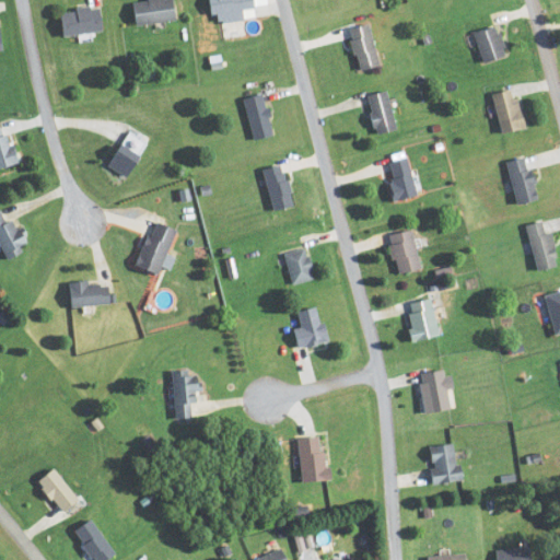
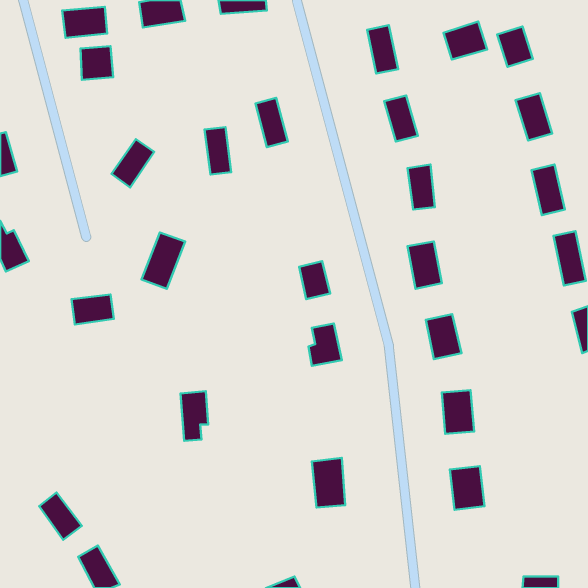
building: none -> [443,22,487,60]
building: none -> [80,46,113,80]
building: [265,165,290,210] -> [205,127,231,174]

